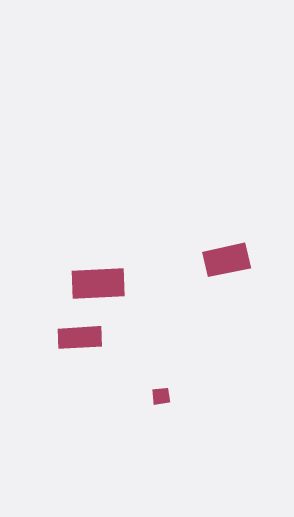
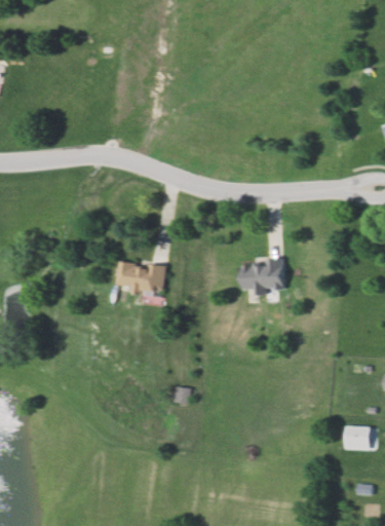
building: [57,325,103,349] -> none

